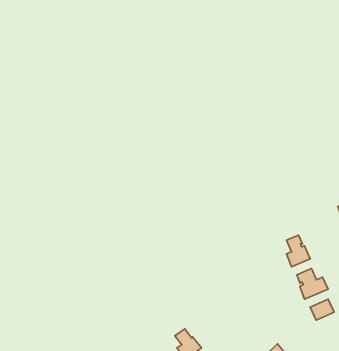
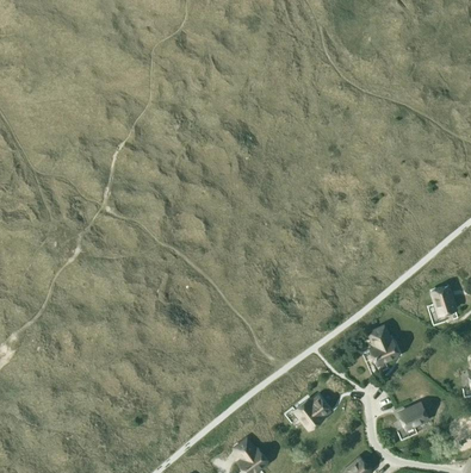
building: [297,269,328,299] -> none
building: none -> [293,396,328,429]

